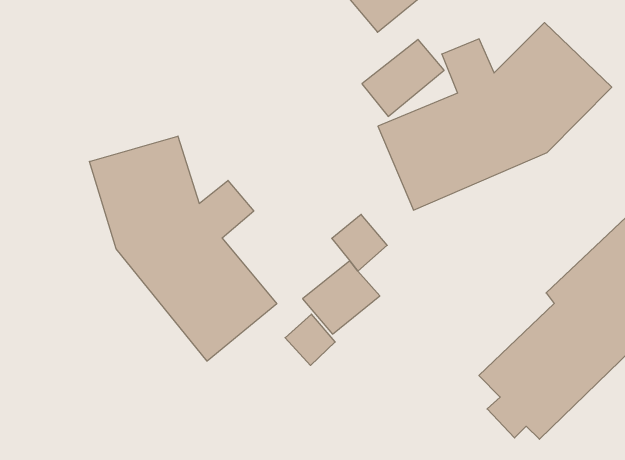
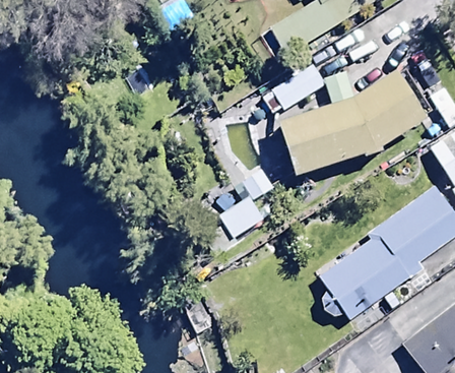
building: [89,136,277,361] -> none

